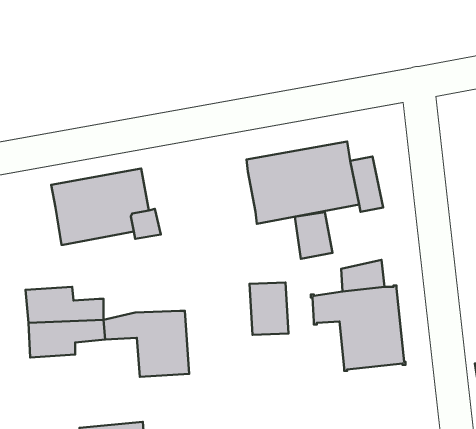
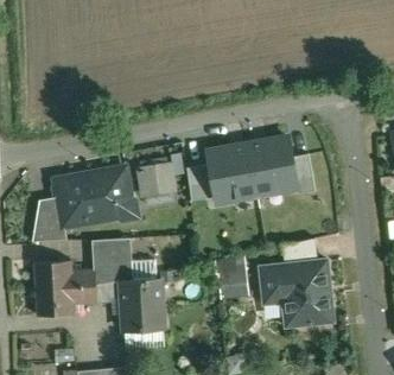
building: none -> [141,165,173,193]
building: none -> [32,197,66,242]
building: [295,212,332,259] -> [186,169,216,205]
building: none -> [93,239,157,286]

